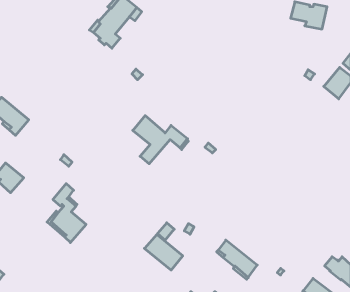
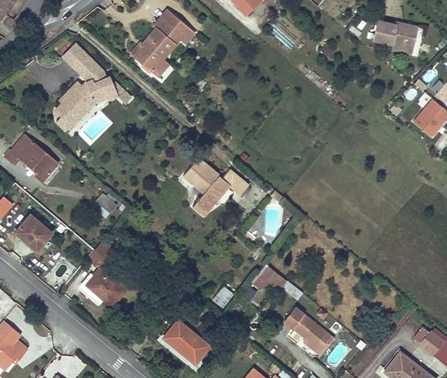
building: none -> [49,41,133,135]
building: none -> [252,265,287,290]
building: [144,234,183,270] -> [163,321,209,364]

